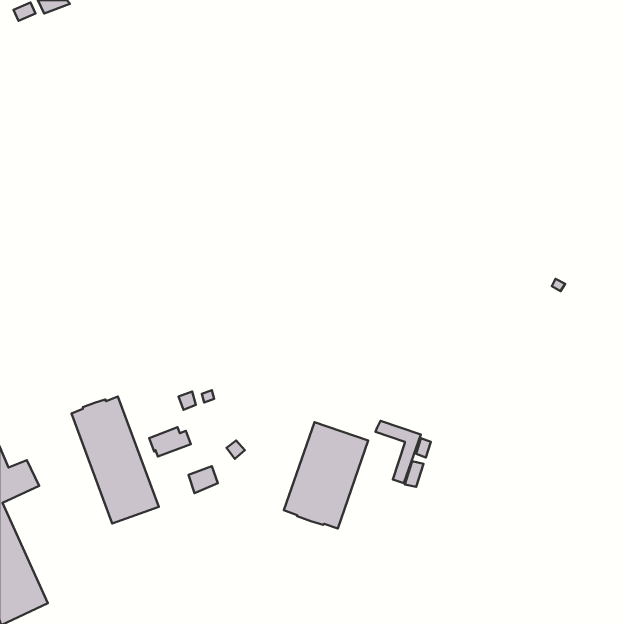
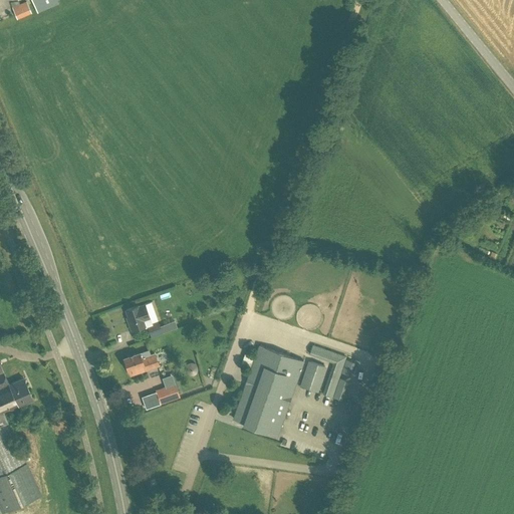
building: none -> [124,304,150,331]
building: [71,397,159,524] -> none
building: none -> [299,361,326,393]

